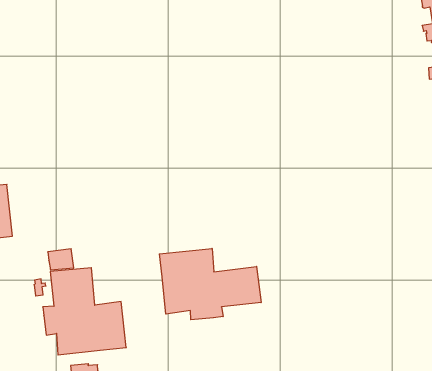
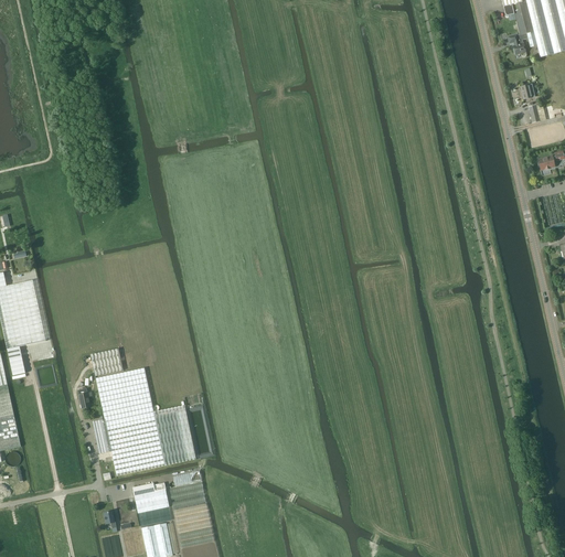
building: [159,248,261,320] -> none

